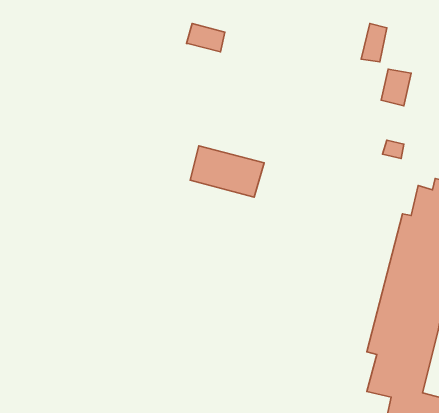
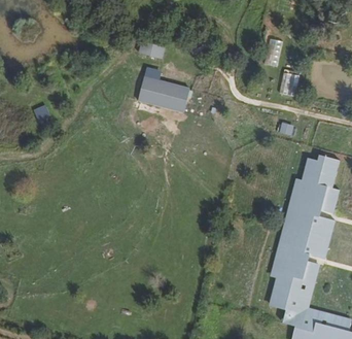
building: [190,146,264,197] -> [137,75,190,112]

